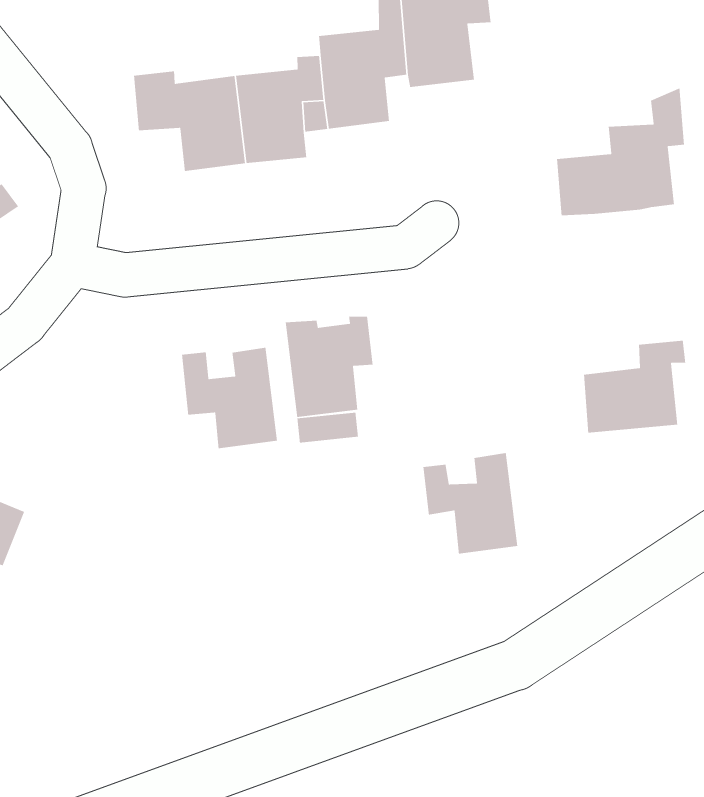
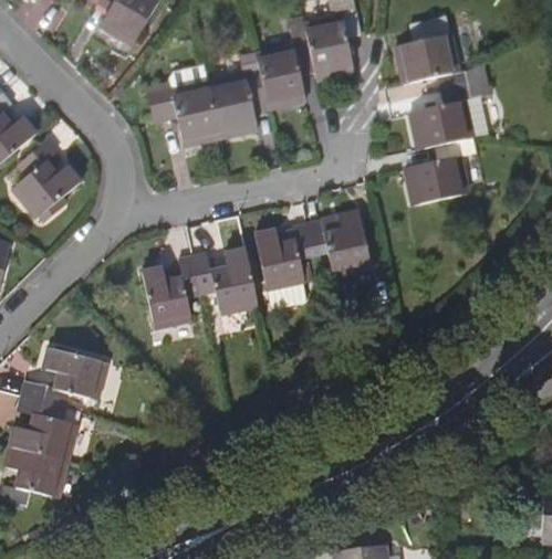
building: none -> [395,17,468,89]
building: [583,340,686,434] -> [406,139,469,203]
building: none -> [140,257,199,329]
building: [422,452,518,555] -> [304,208,368,274]

